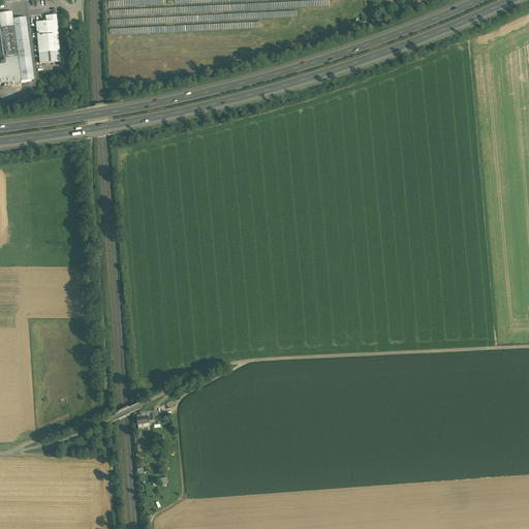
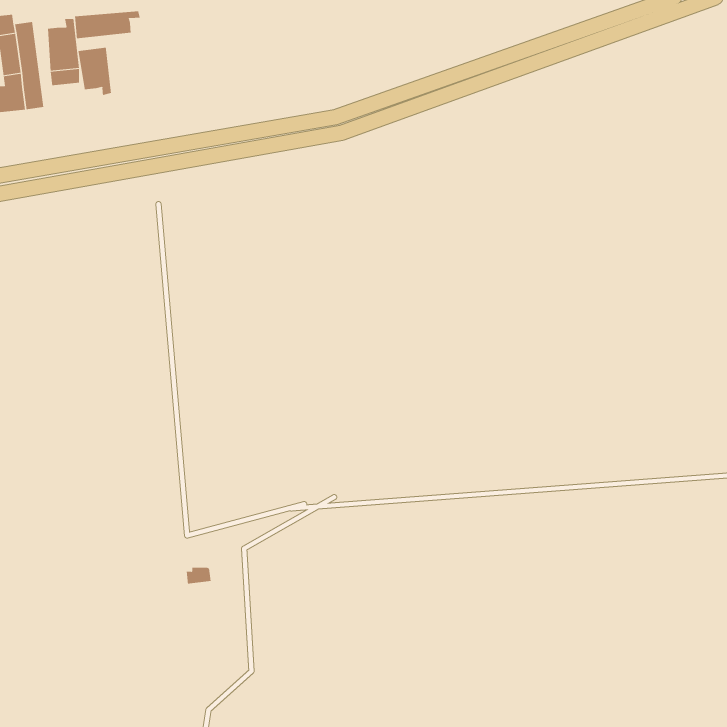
building: none -> [74,11,141,39]
building: none -> [78,47,112,96]

